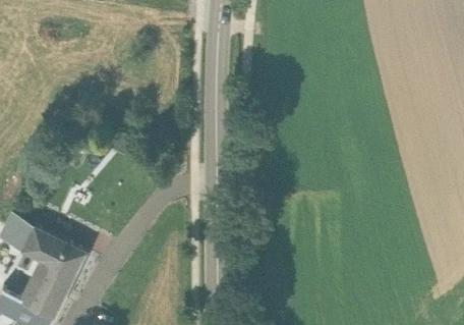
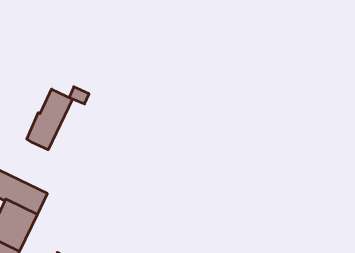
building: none -> [27,89,72,150]

